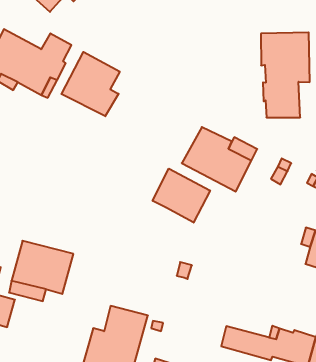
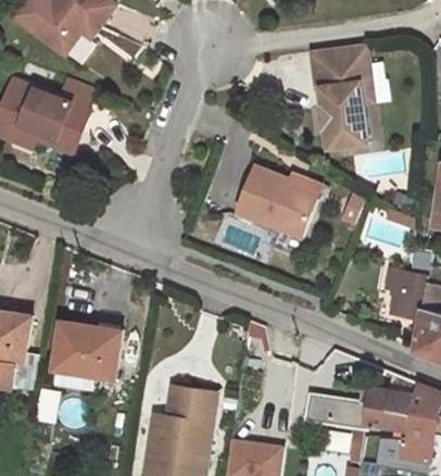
building: [61,52,120,116] -> none
building: [153,169,210,223] -> none

